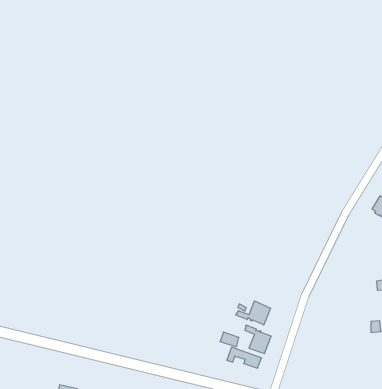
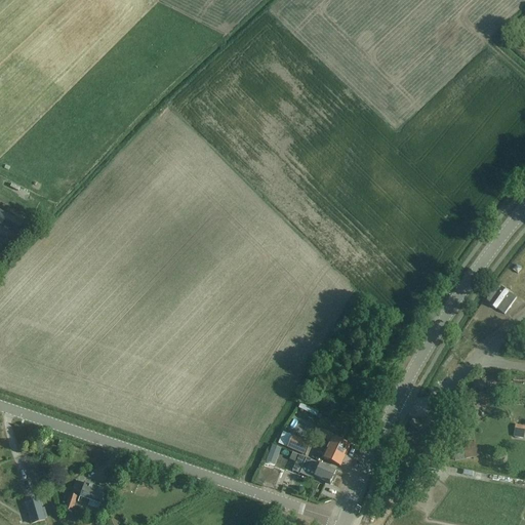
building: [236,301,270,325] -> none

